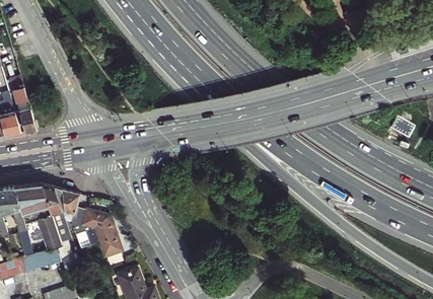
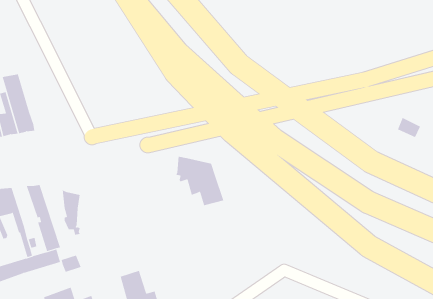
building: [41,184,70,247] -> none
building: [13,185,41,226] -> none
building: [76,208,124,256] -> [176,156,224,206]

